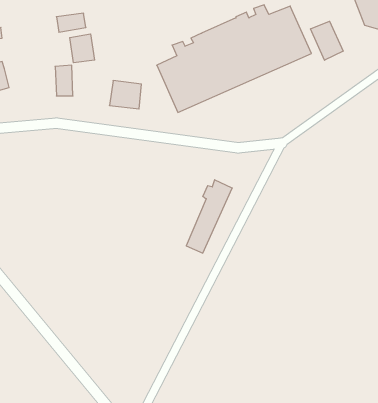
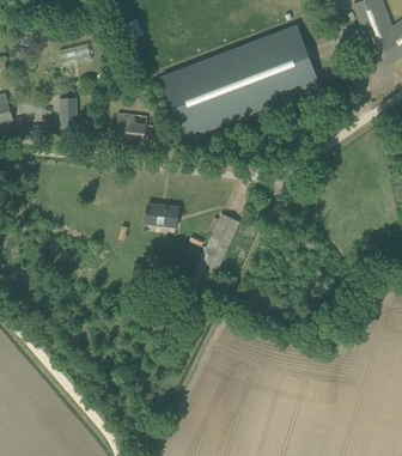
building: [311,21,343,60] -> none
building: [70,34,95,63] -> none
building: none -> [146,203,178,224]

